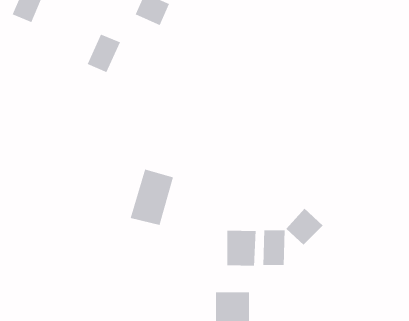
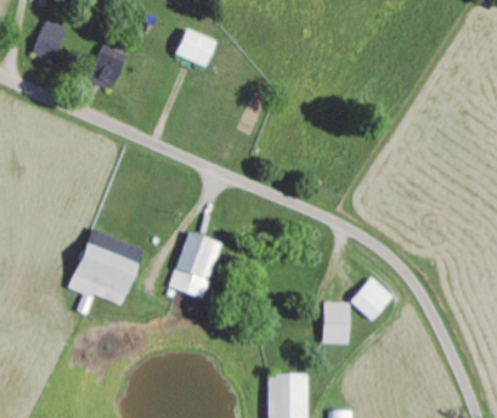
building: [87,34,121,73] -> [87,45,126,90]
building: none -> [69,232,142,305]
building: [227,230,256,267] -> none

